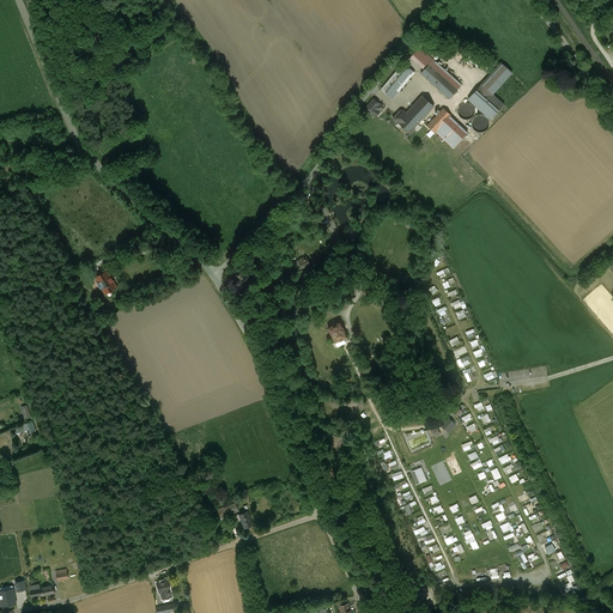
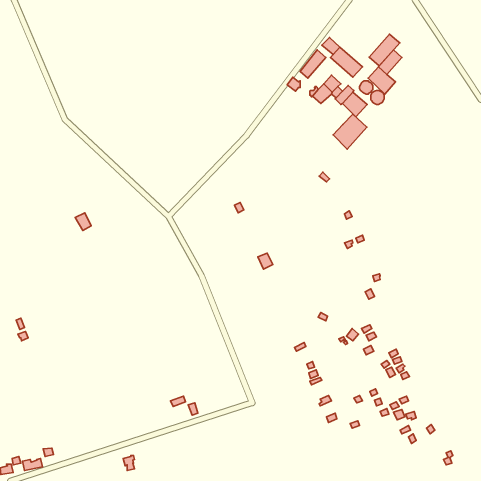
building: none -> [369,34,400,66]
building: none -> [333,114,367,149]

